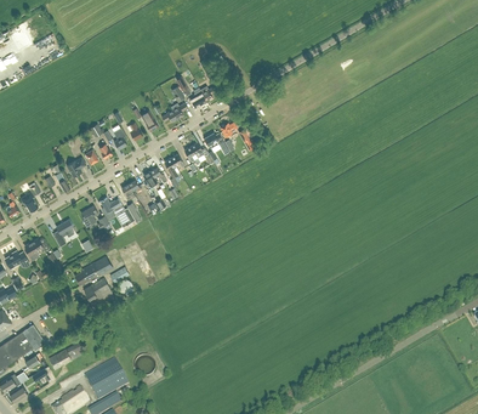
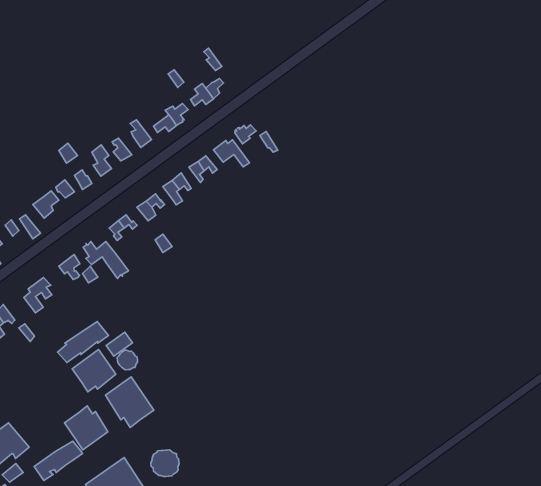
building: none -> [106,377,154,427]
building: none -> [64,406,108,450]

